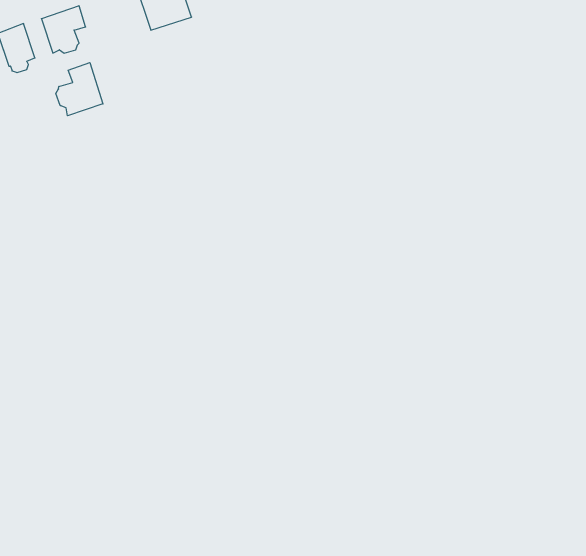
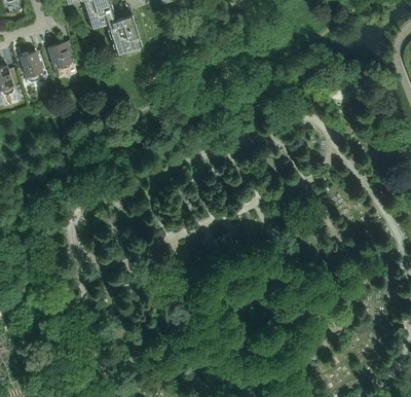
building: [56,63,103,116] -> none

